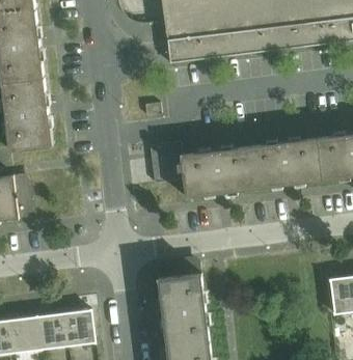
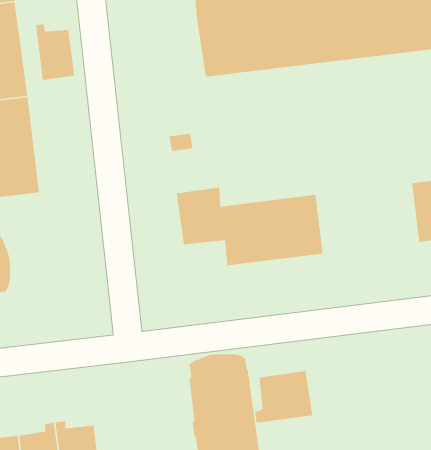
building: none -> [35,23,75,81]
building: [247,138,320,189] -> none
building: none -> [254,370,313,423]

